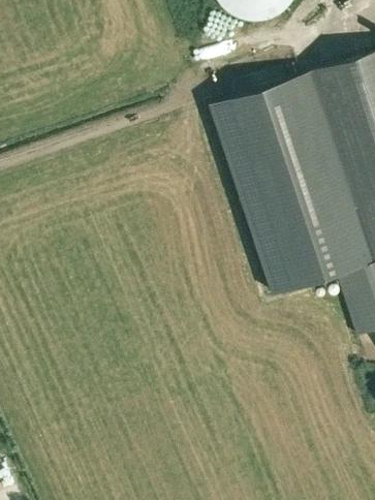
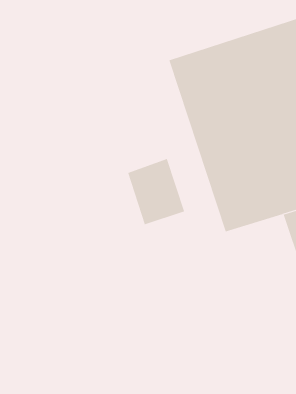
building: none -> [127,158,185,225]

